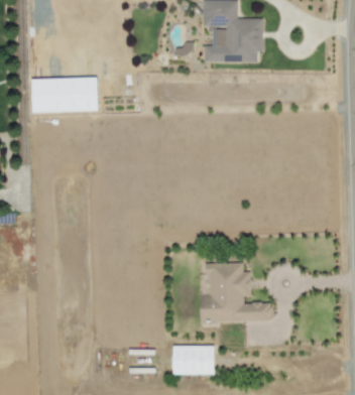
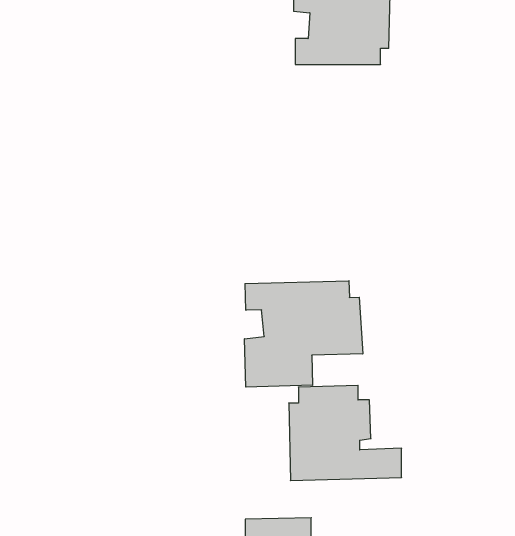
building: [31,77,99,112] -> none
building: none -> [245,281,363,387]

